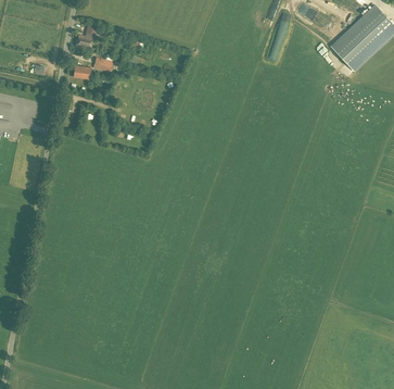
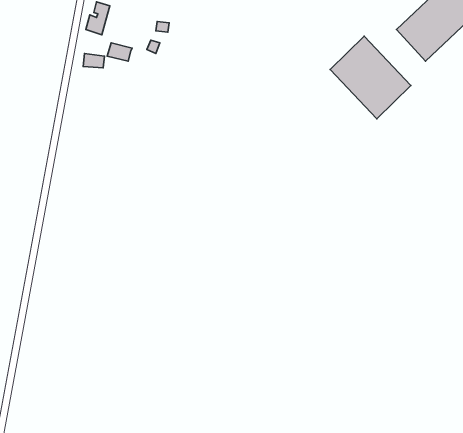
building: none -> [330,36,411,119]

